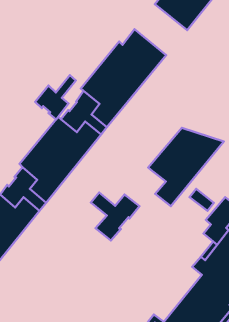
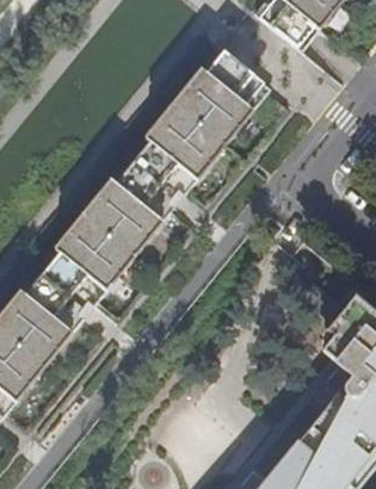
building: [35,75,76,119] -> none
building: [148,128,224,206] -> none
building: [91,192,140,241] -> none

